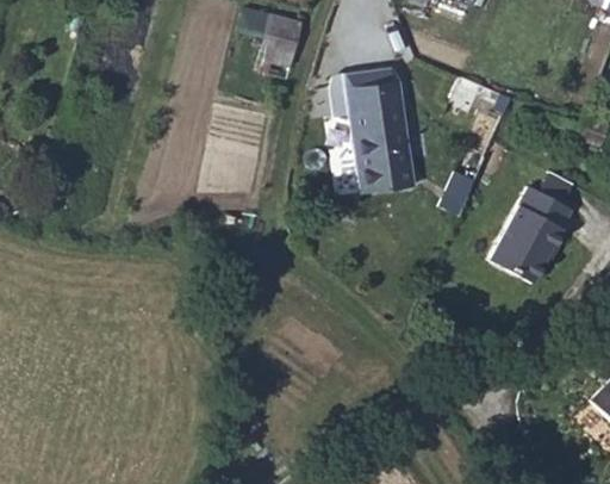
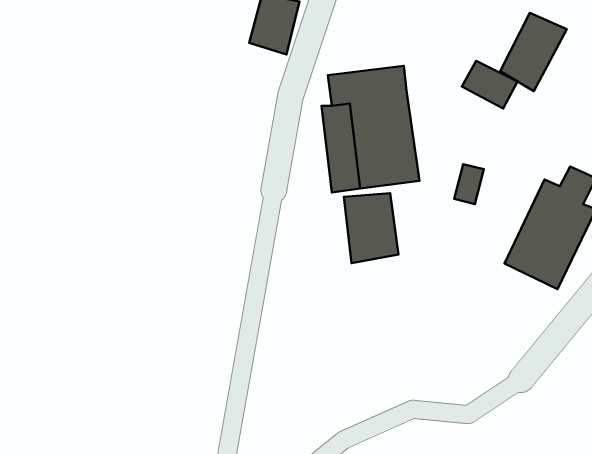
building: none -> [500,13,567,91]
building: none -> [344,193,399,263]

